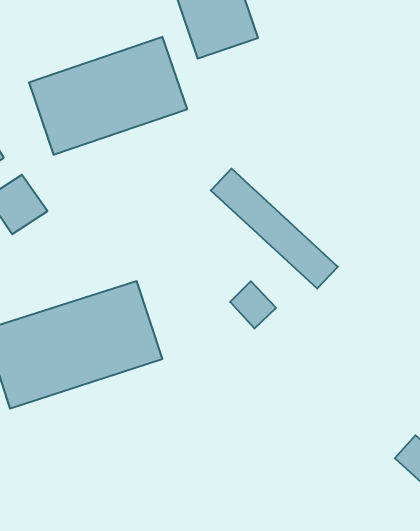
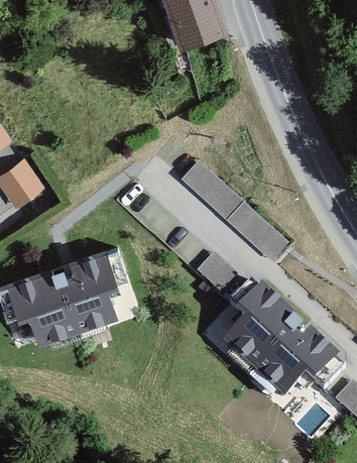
building: [29,37,187,155] -> none
building: none -> [213,286,341,410]

